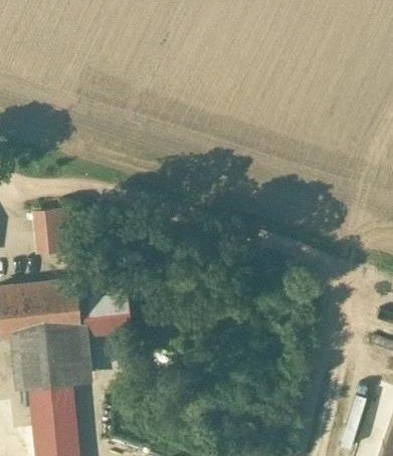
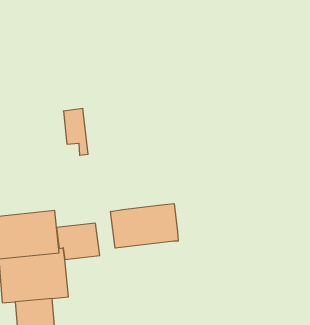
building: [42,208,71,263] -> [63,109,88,155]
building: none -> [111,204,178,248]

